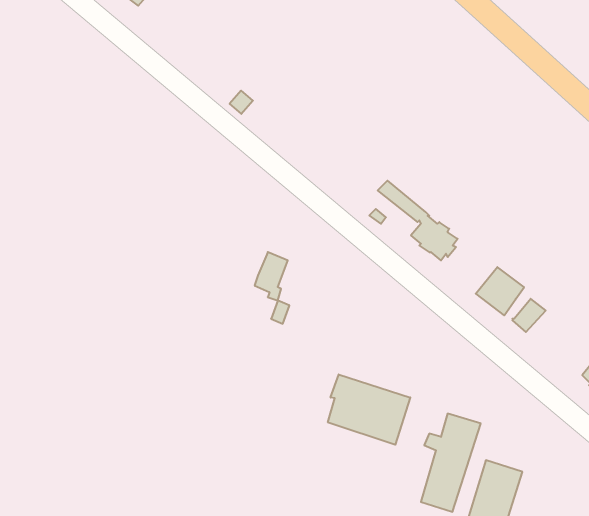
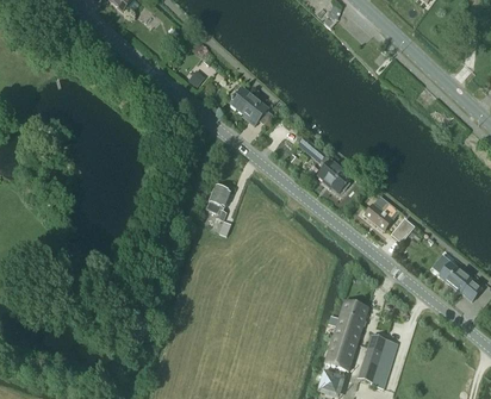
building: none -> [231,88,268,123]
building: [328,374,410,445] -> none

